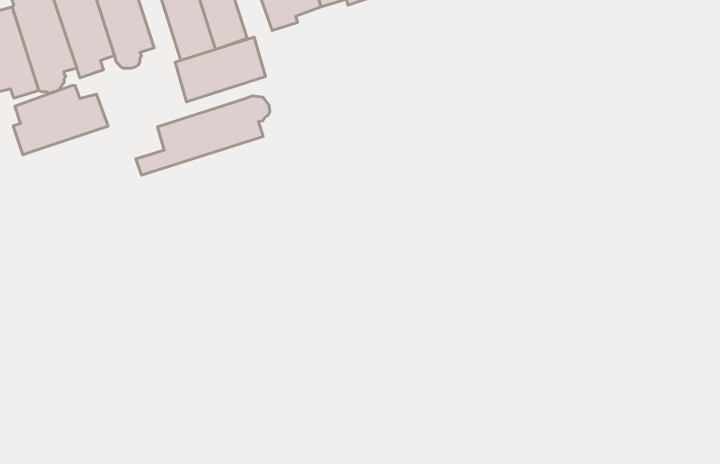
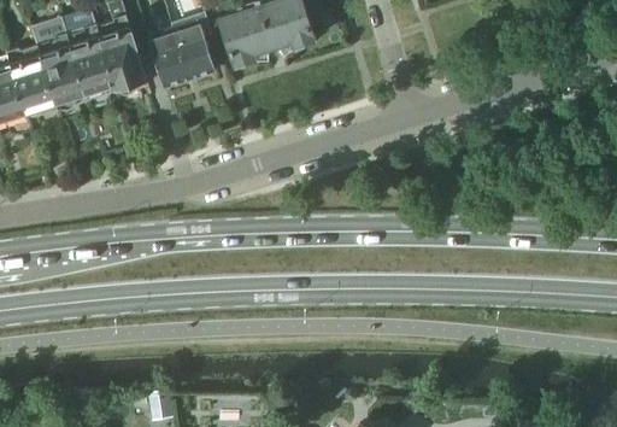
building: [175,37,266,102] -> none
building: [13,85,108,155] -> none
building: [136,96,270,175] -> none

